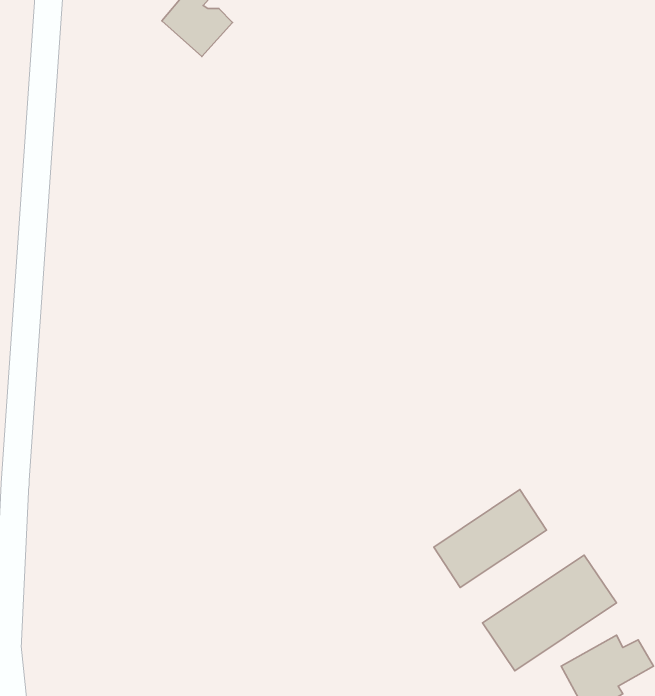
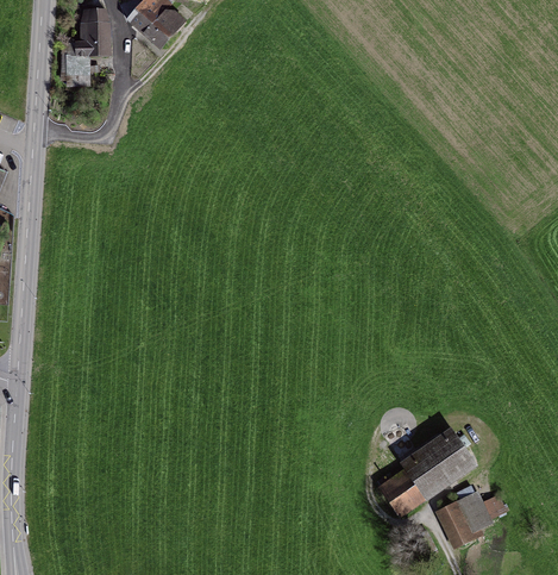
building: none -> [65,6,107,81]
building: [434,490,546,588] -> none

